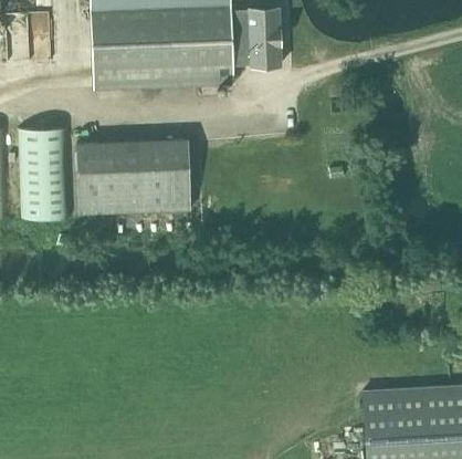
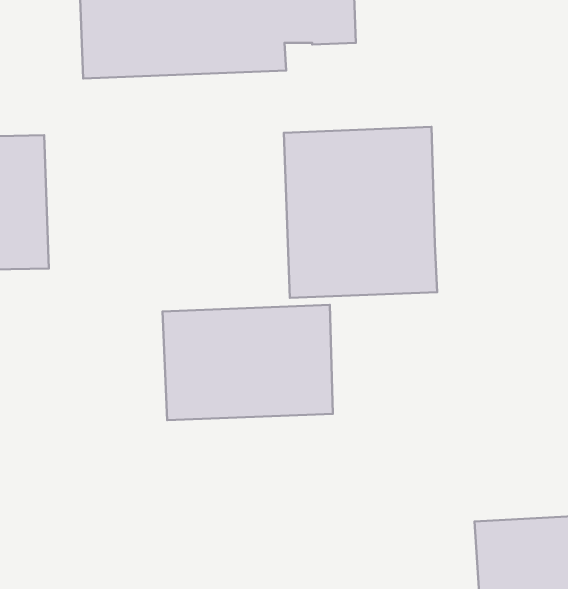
building: none -> [284,127,437,298]
building: [74,137,190,216] -> [162,305,333,420]

